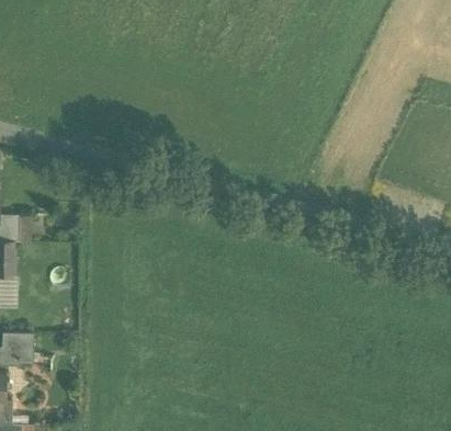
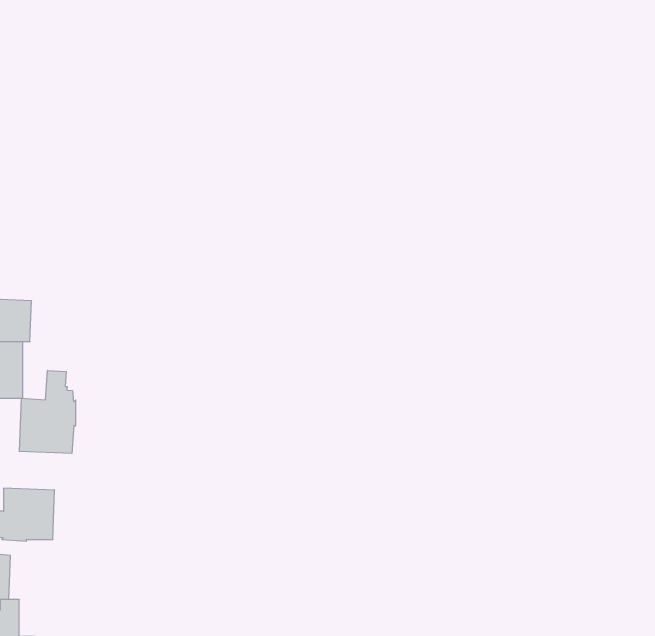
building: none -> [20,370,76,453]

